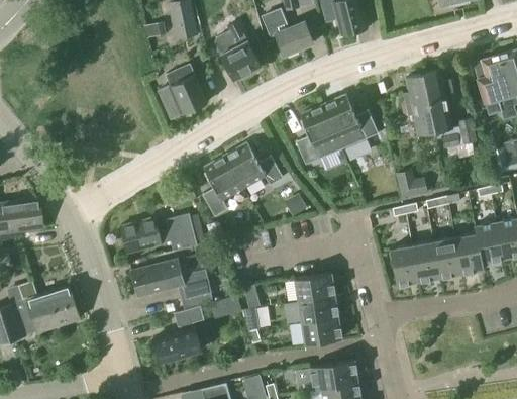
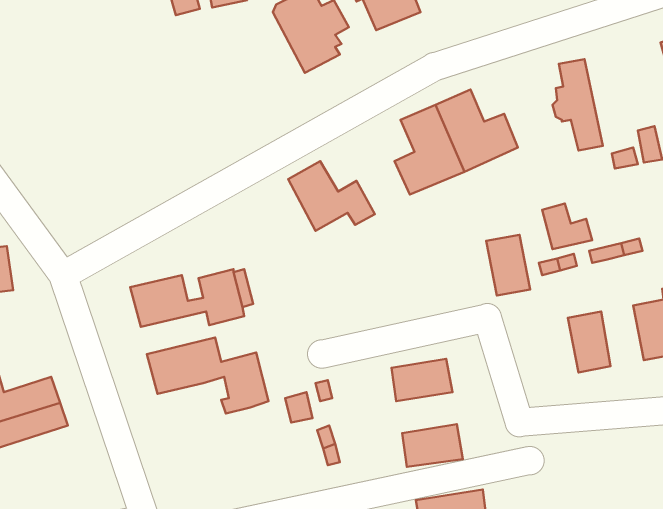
building: [158,65,206,119] -> none
building: [422,71,453,132] -> none
building: [202,155,243,216] -> none
building: [433,238,461,279] -> none
building: [389,246,418,287] -> [486,235,530,296]
building: [297,296,337,323] -> none
building: [151,306,204,362] -> none

